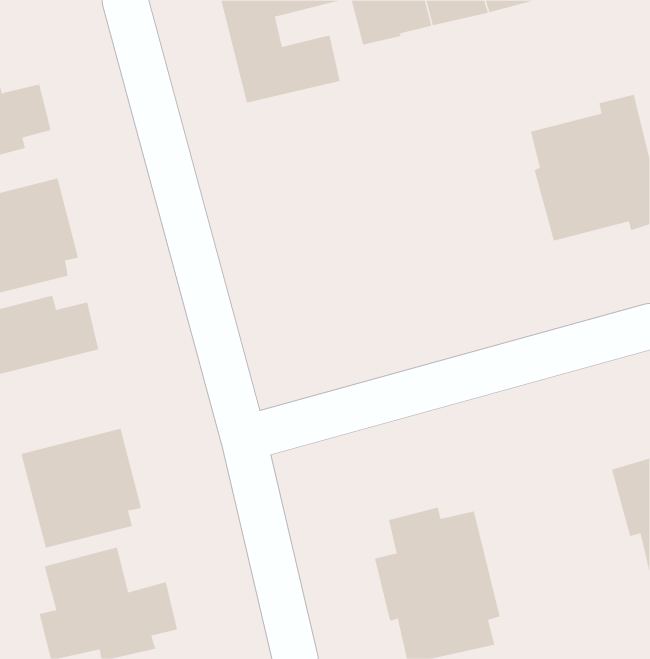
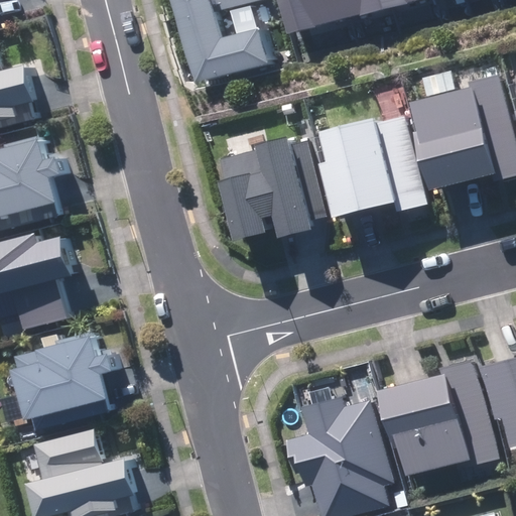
building: none -> [320,115,426,217]
building: none -> [217,137,322,241]
building: none -> [15,285,68,328]
building: none -> [379,360,493,475]

